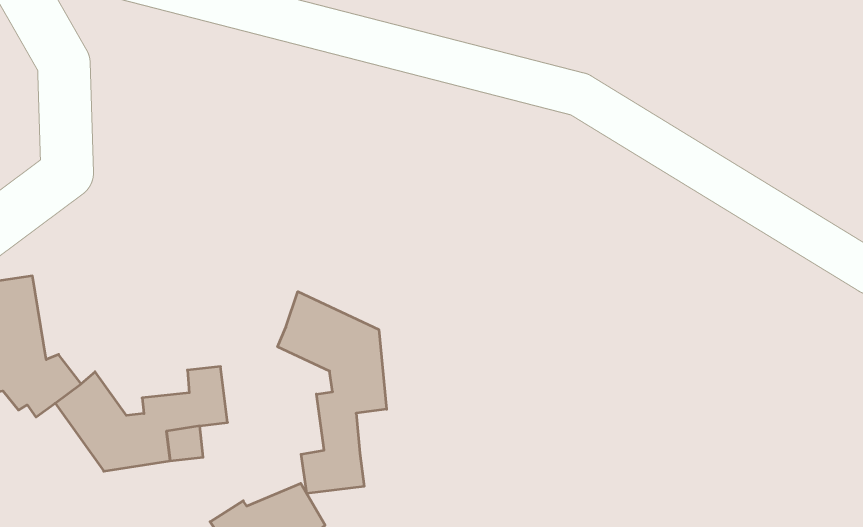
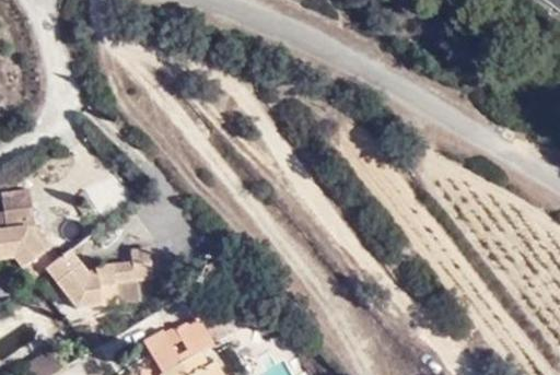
building: [278,292,387,494] -> none

